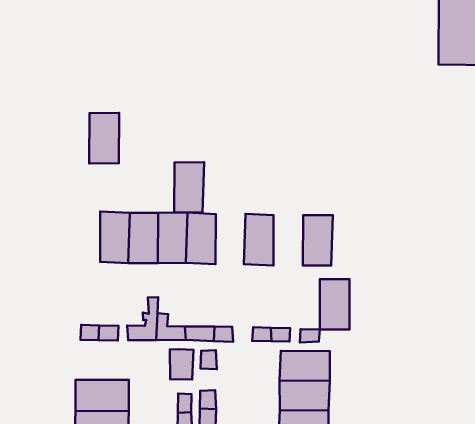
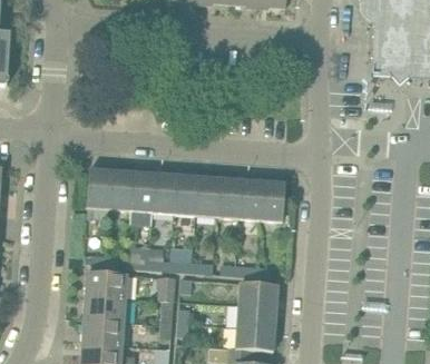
building: [89,113,119,163] -> [86,169,110,208]
building: [174,162,204,213] -> [195,177,219,216]
building: [320,279,350,330] -> [238,180,263,219]
building: none -> [85,272,127,298]

